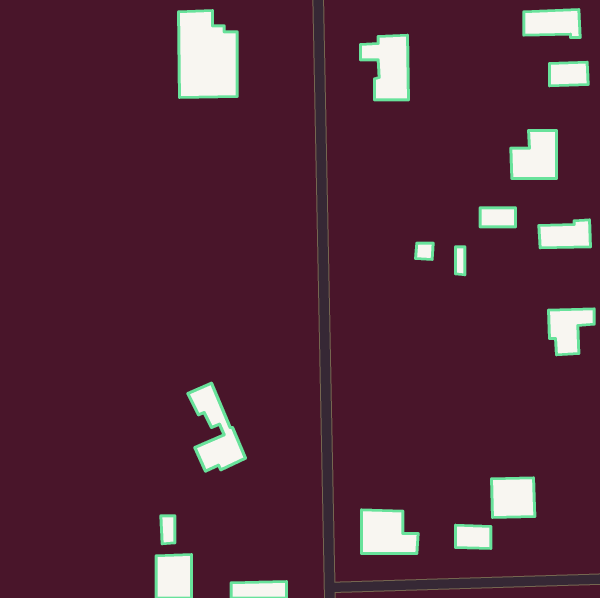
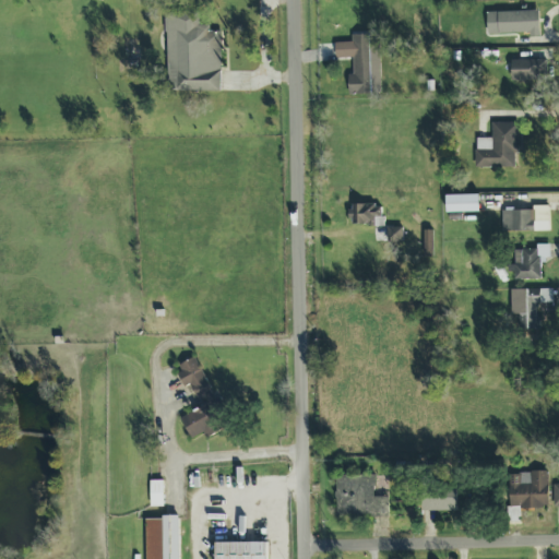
building: none -> [349,203,381,223]
building: none -> [511,242,549,278]
building: [491,478,535,518] -> [509,471,549,508]

